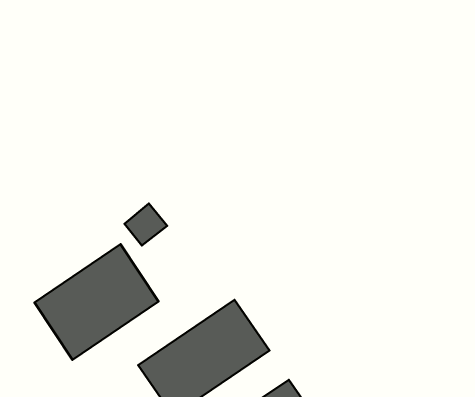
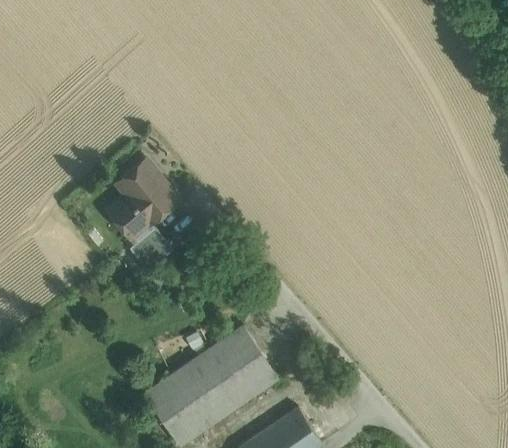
building: none -> [108,161,177,238]
building: [34,244,159,360] -> none

